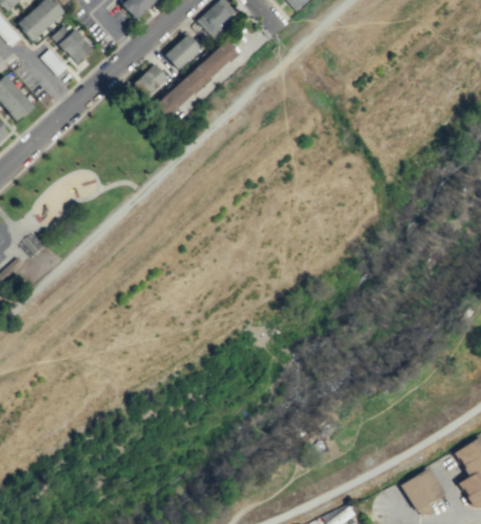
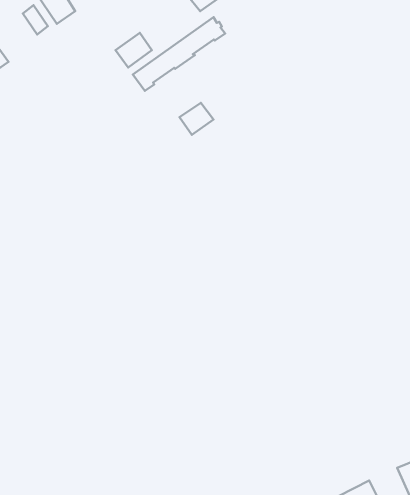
building: [166,35,201,71] -> none
building: none -> [179,103,213,135]

